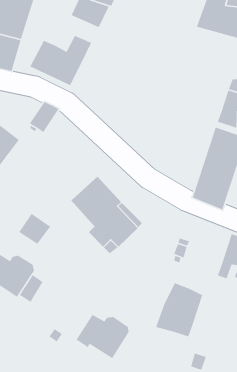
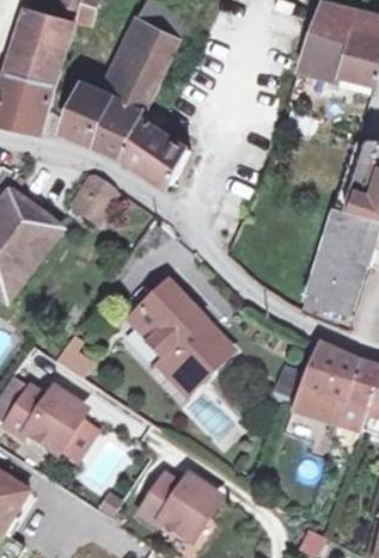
building: none -> [105,50,167,100]
building: none -> [127,121,185,182]
building: [155,282,203,338] -> [287,342,355,421]

